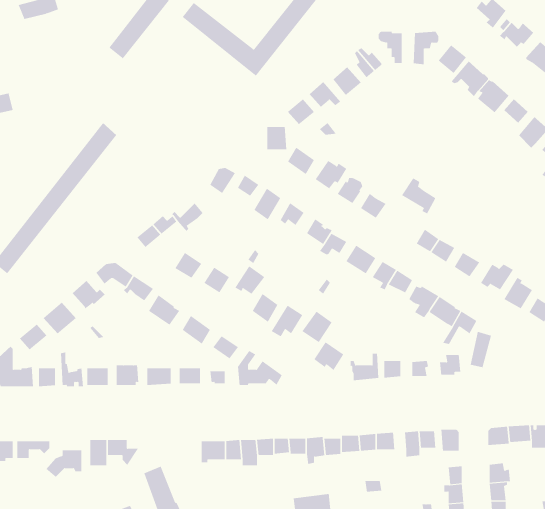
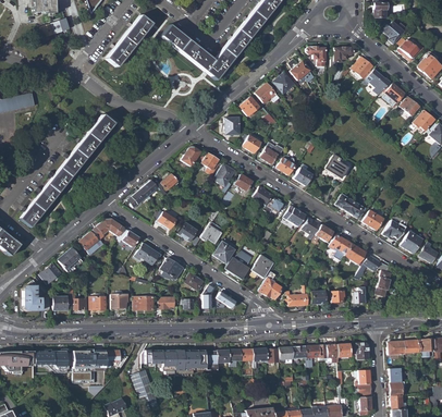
building: none -> [146,351,175,368]

